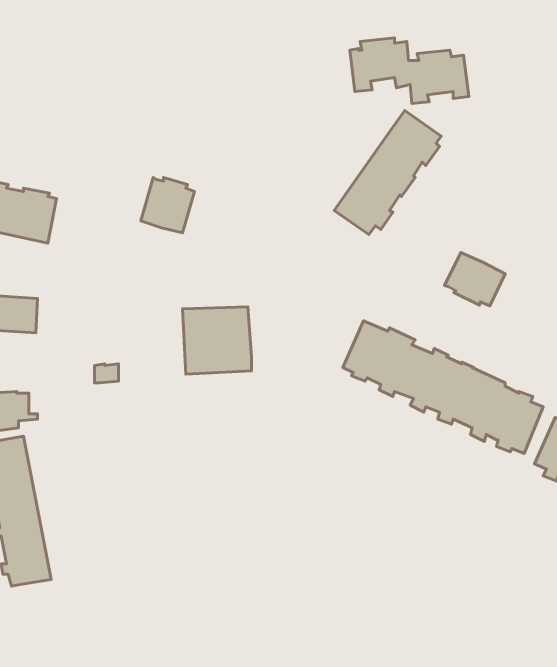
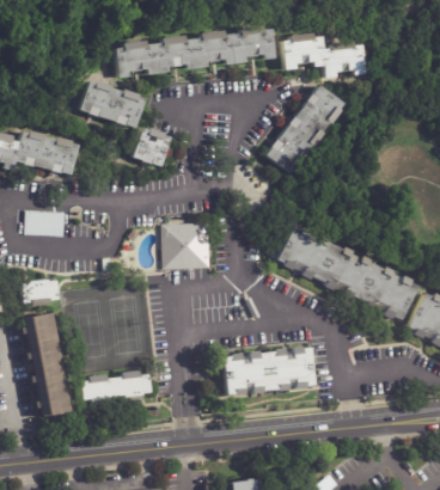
building: none -> [116,25,275,79]
building: none -> [81,80,147,127]
building: [445,253,505,306] -> none
building: none -> [222,345,314,397]
building: none -> [79,372,149,403]

